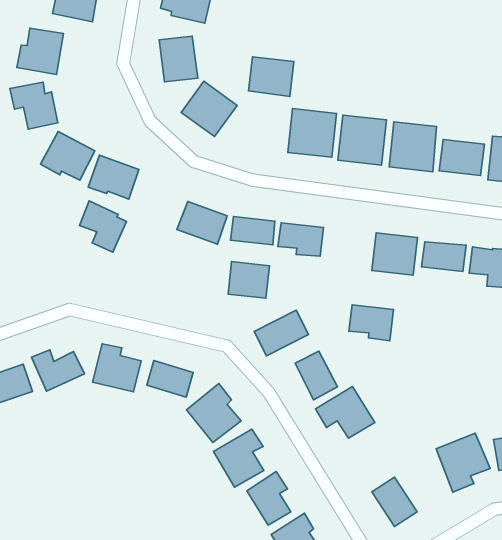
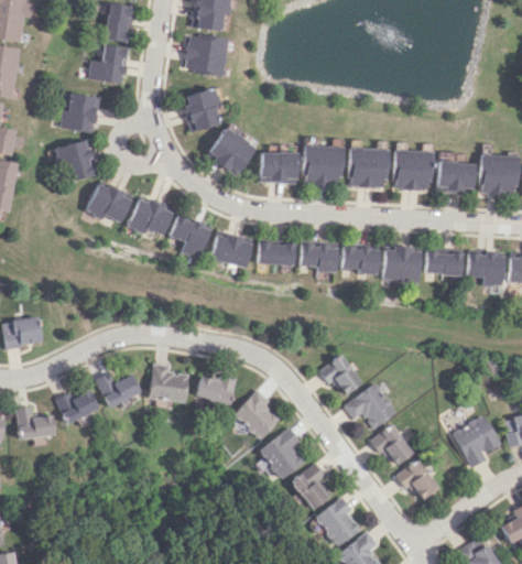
building: [249,57,294,97] -> [260,152,297,184]
building: [80,201,127,252] -> [172,215,213,258]
building: [228,262,269,298] -> none
building: [349,305,394,341] -> [342,247,380,275]
building: [254,310,309,356] -> none
building: none -> [373,424,414,467]

